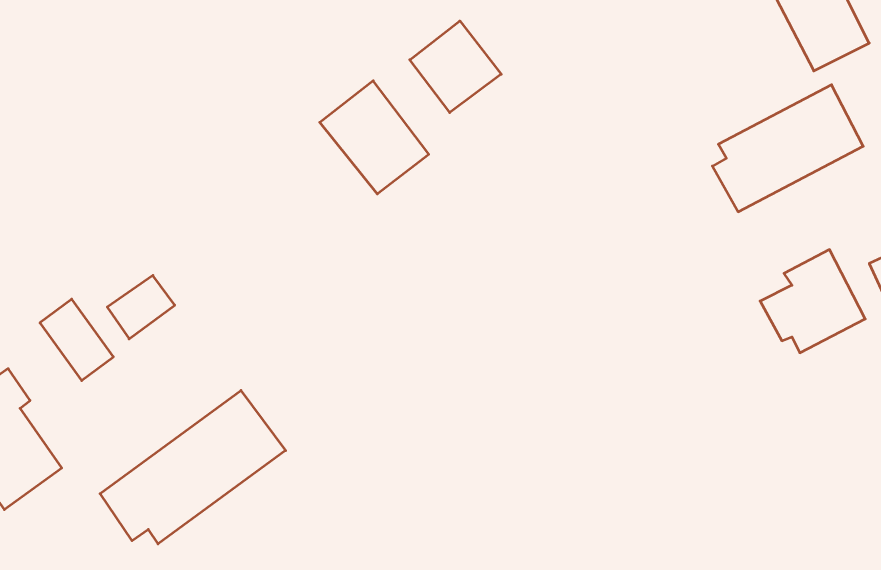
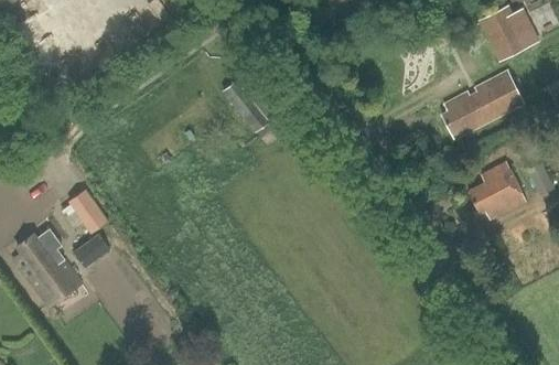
building: [410,21,501,113] -> none
building: [107,275,175,339] -> [73,234,110,269]
building: [100,390,286,544] -> none

